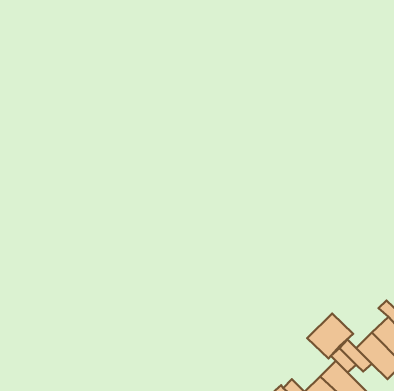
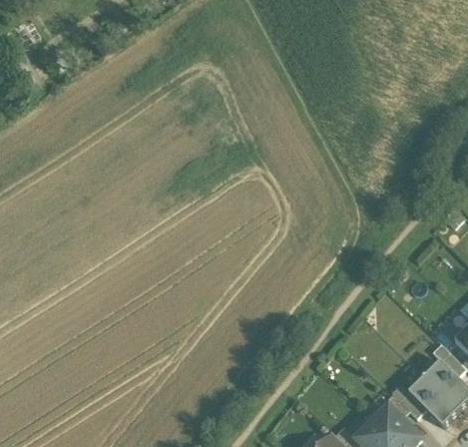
building: [307,313,353,359] -> none

